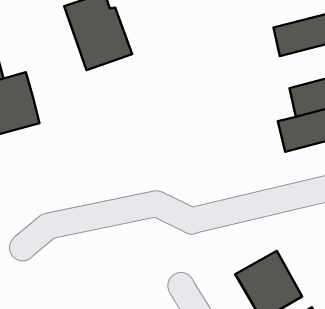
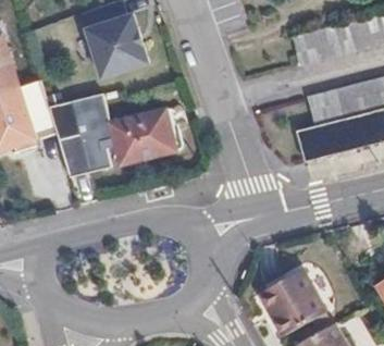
building: none -> [48,95,174,178]

